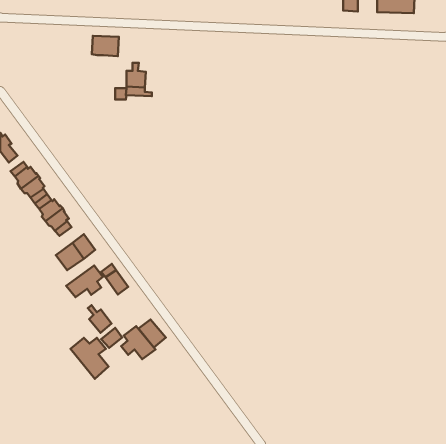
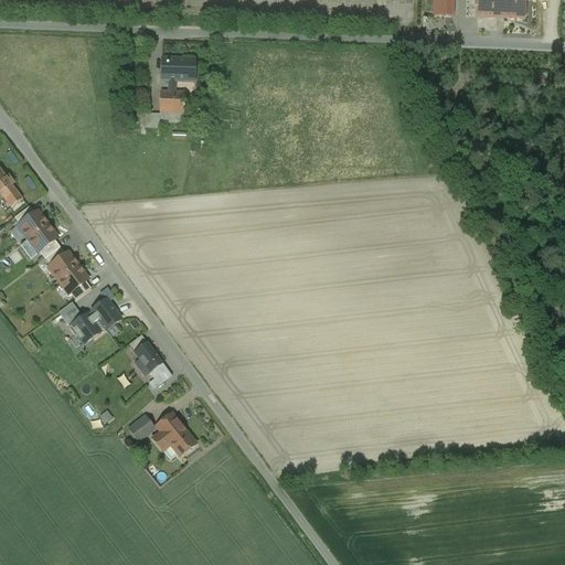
building: [92,36,119,56] -> [161,55,195,81]
building: [66,266,103,297] -> none
building: [88,305,112,333] -> none
building: [138,319,166,348] -> none
building: [71,338,108,379] -> none

